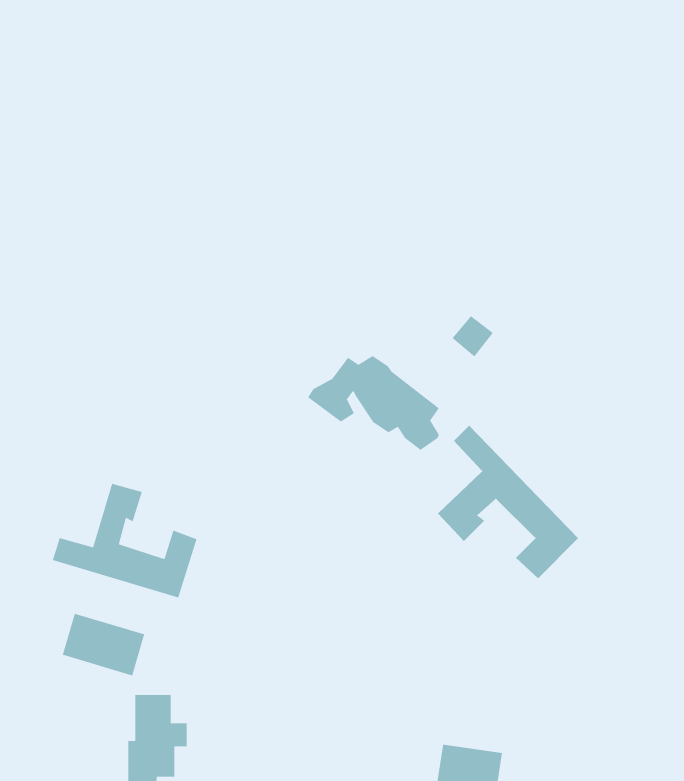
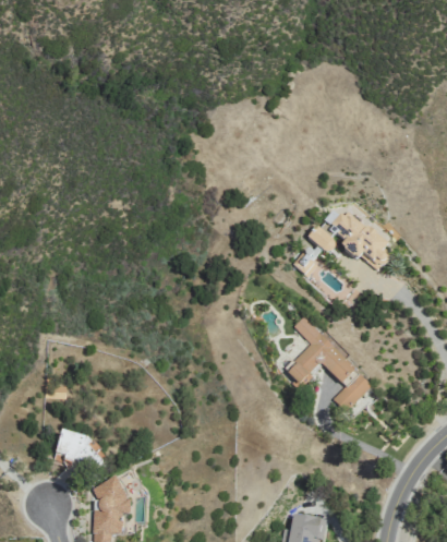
building: [307,355,440,451] -> [309,208,390,267]
building: [52,483,197,598] -> none

